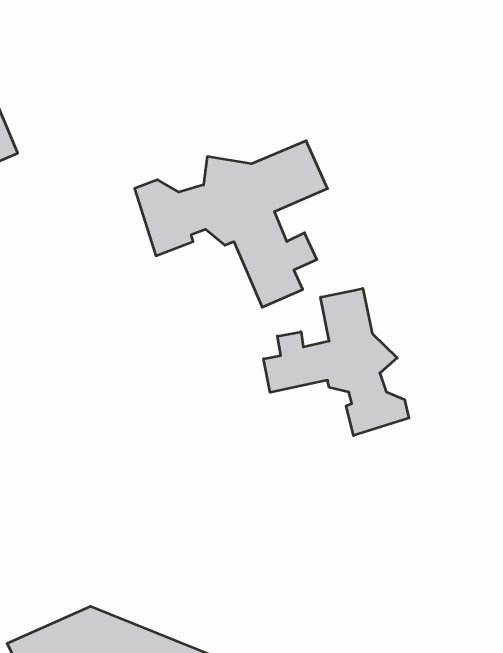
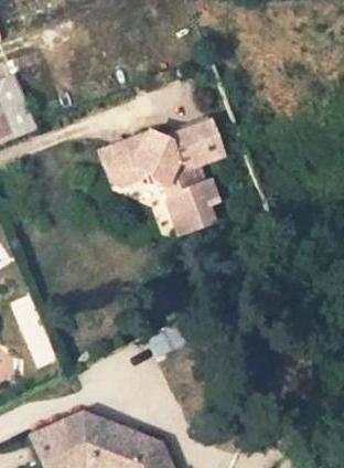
building: [264,288,409,436] -> none

